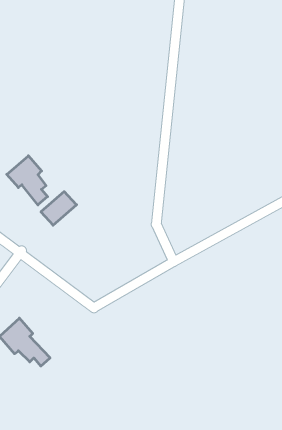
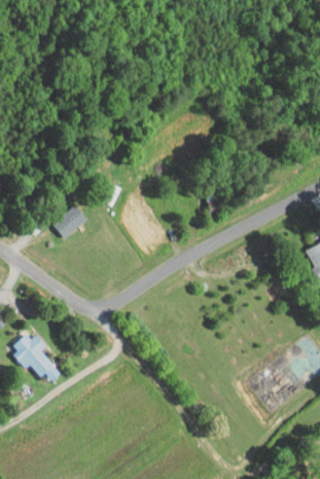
building: [7,156,48,205] -> none

